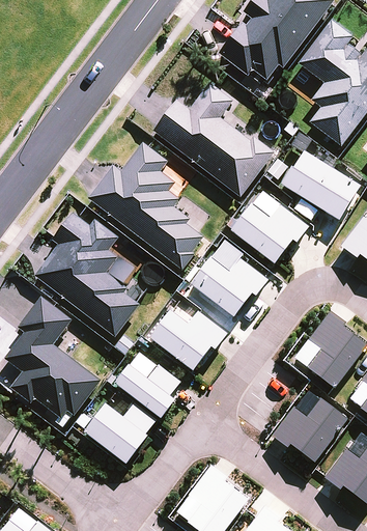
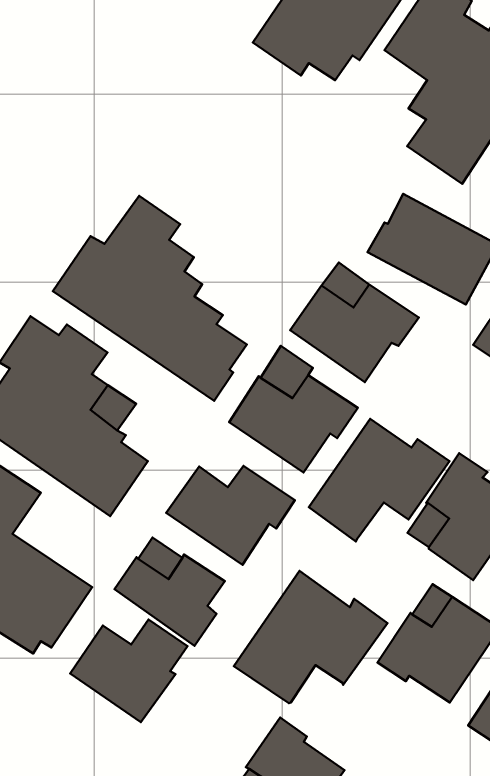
building: [151,82,274,197] -> none
building: none -> [309,419,449,542]
building: none -> [234,571,388,703]

